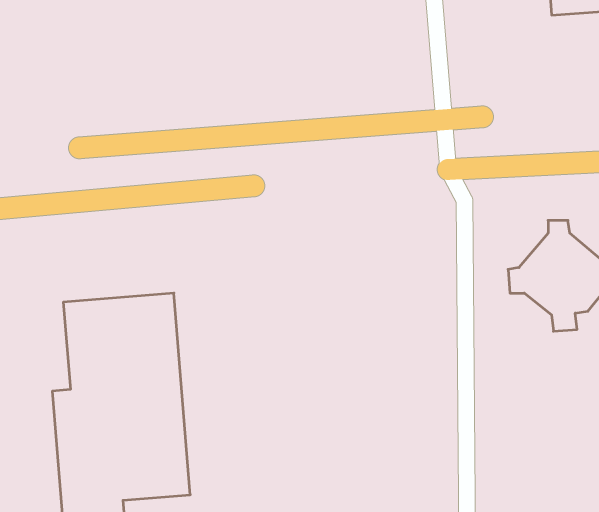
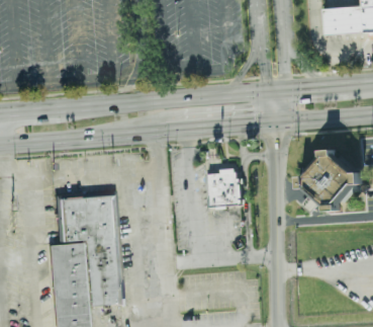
building: none -> [209,169,242,207]

